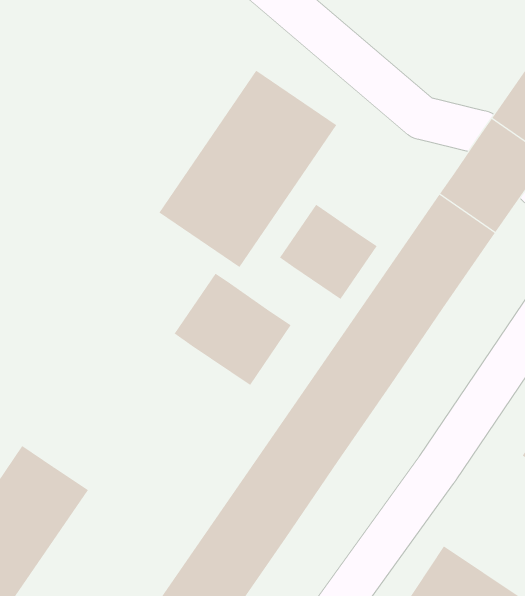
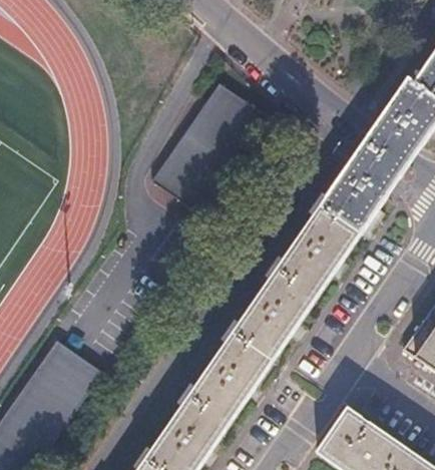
building: [279,204,377,300] -> none
building: [174,273,292,386] -> none

